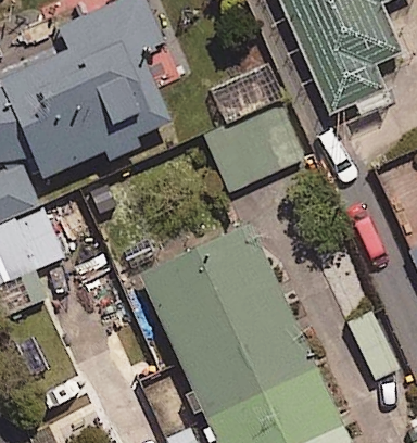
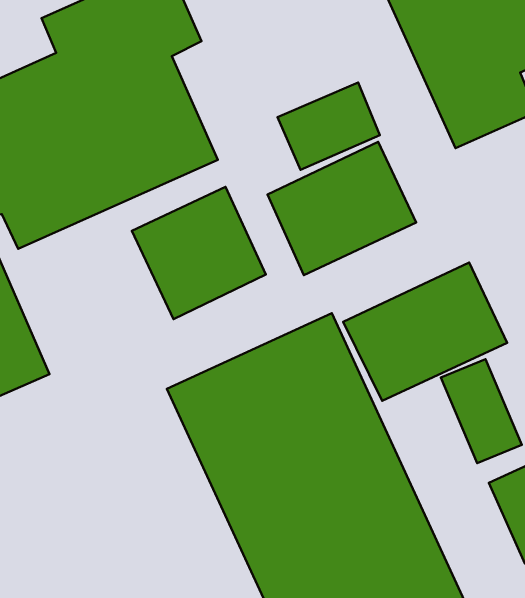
building: none -> [132,187,266,319]
building: none -> [343,263,507,401]

